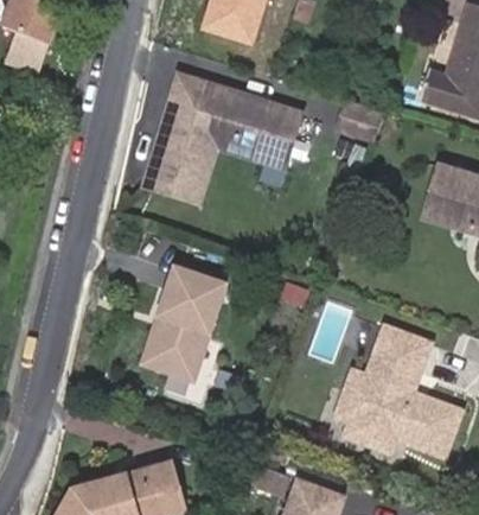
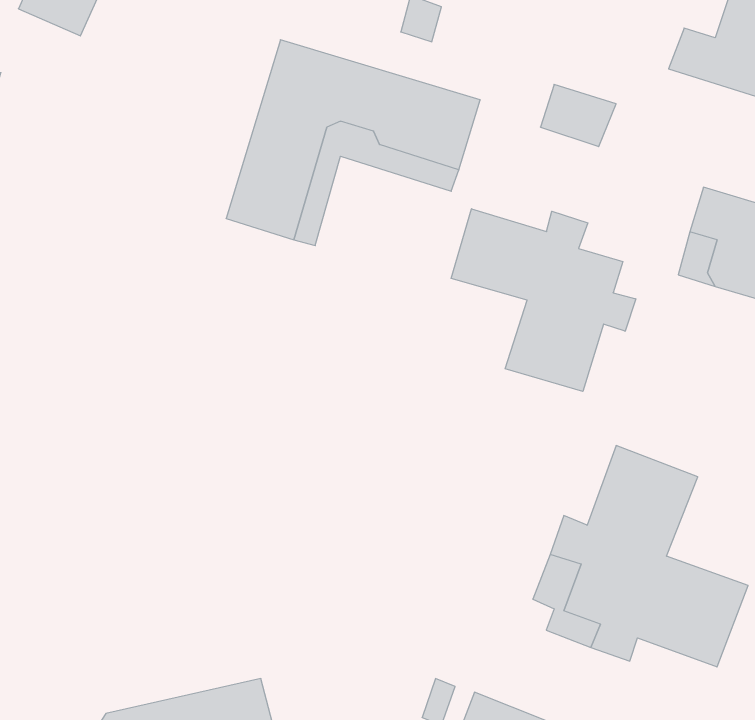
building: none -> [451,209,636,391]
building: [139,272,222,384] -> none

